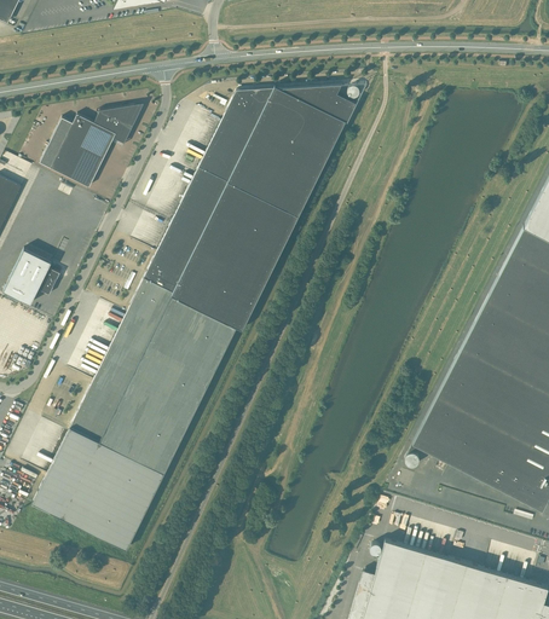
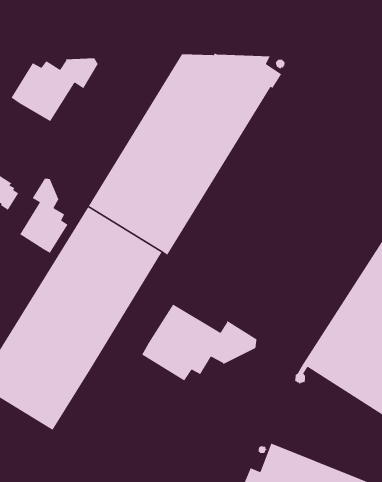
building: none -> [19,177,69,254]
building: none -> [141,303,258,382]

